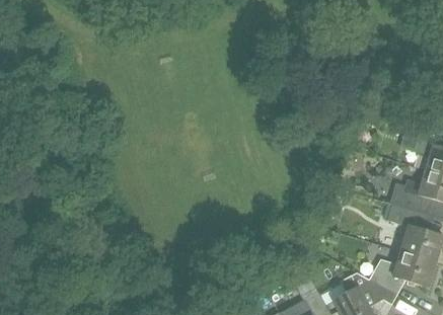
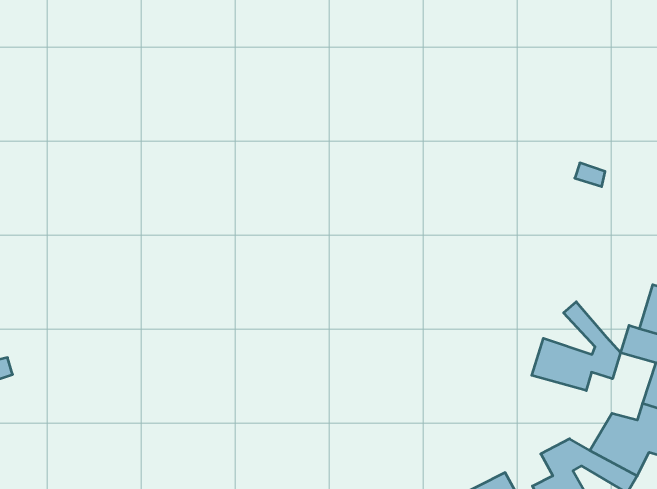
building: none -> [532,302,620,391]

